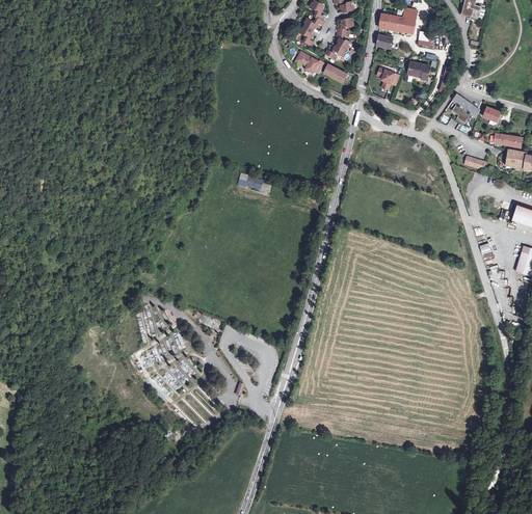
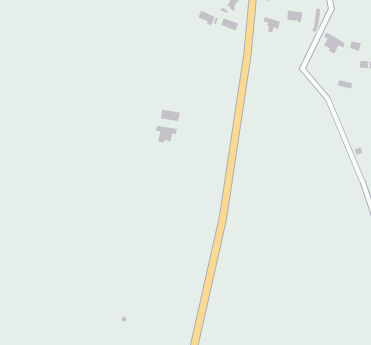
building: none -> [155,125,177,144]

